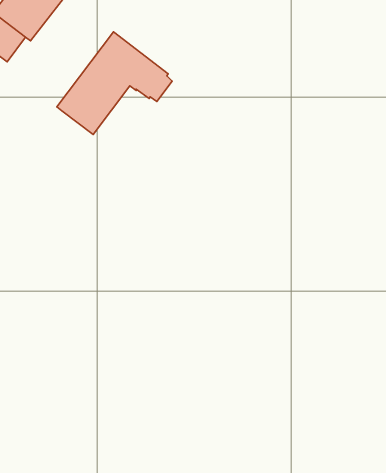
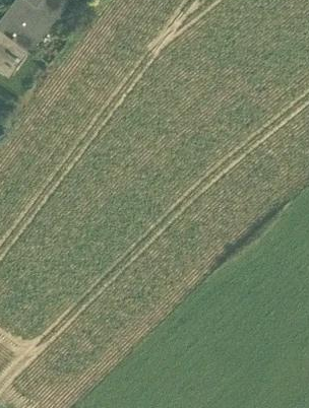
building: [57,32,172,135] -> none

